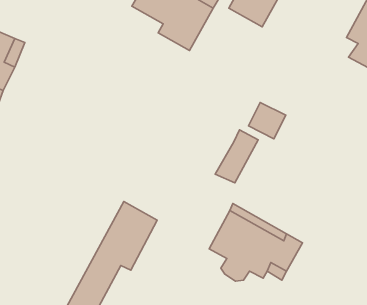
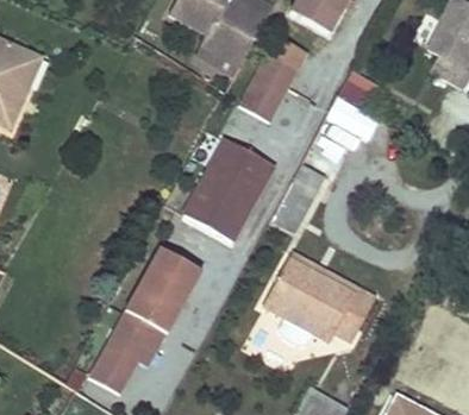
building: none -> [236,36,306,122]
building: none -> [186,136,276,238]

